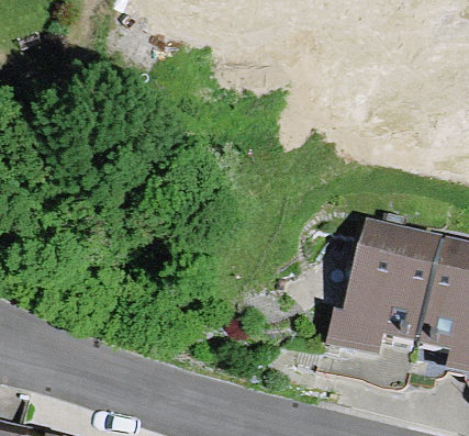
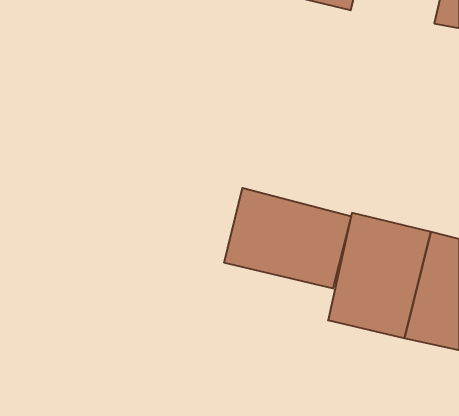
building: none -> [224,188,351,289]

